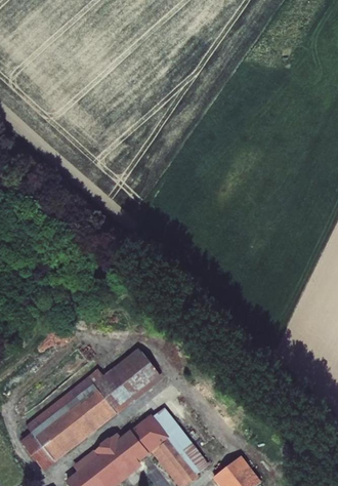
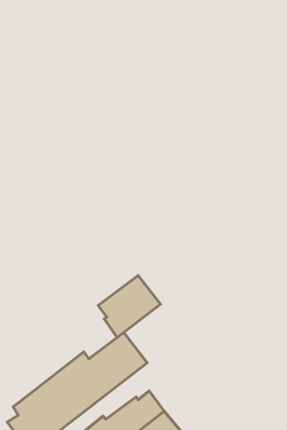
building: none -> [98,276,161,338]

